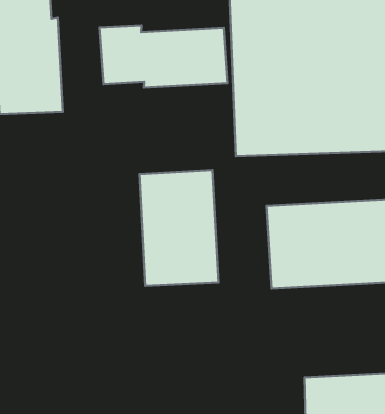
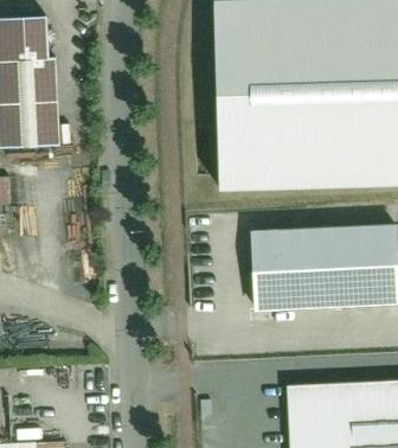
building: [100,25,227,88] -> none
building: [140,170,218,286] -> none

